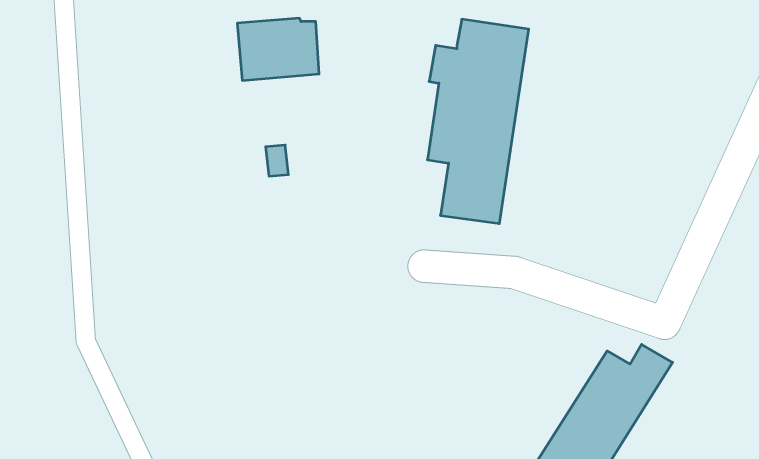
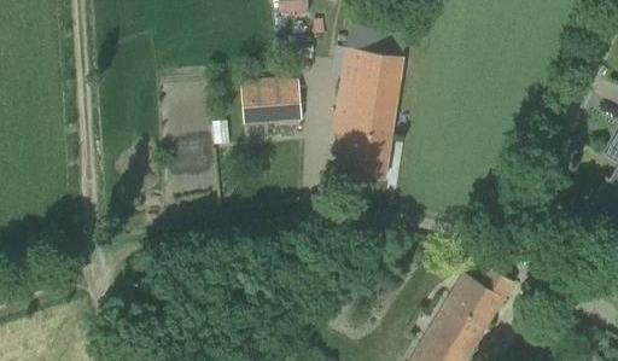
building: [237,18,319,80] -> [243,76,303,122]

